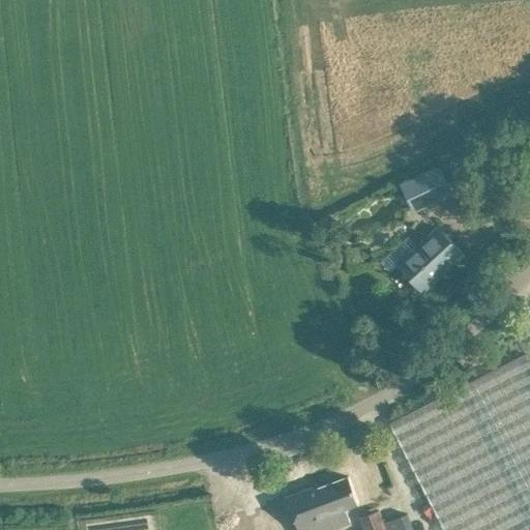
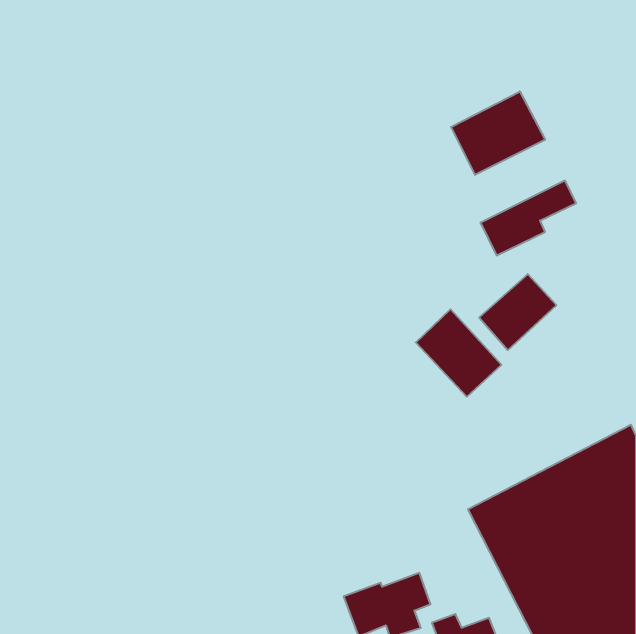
building: none -> [451,91,545,175]
building: none -> [416,309,501,397]

